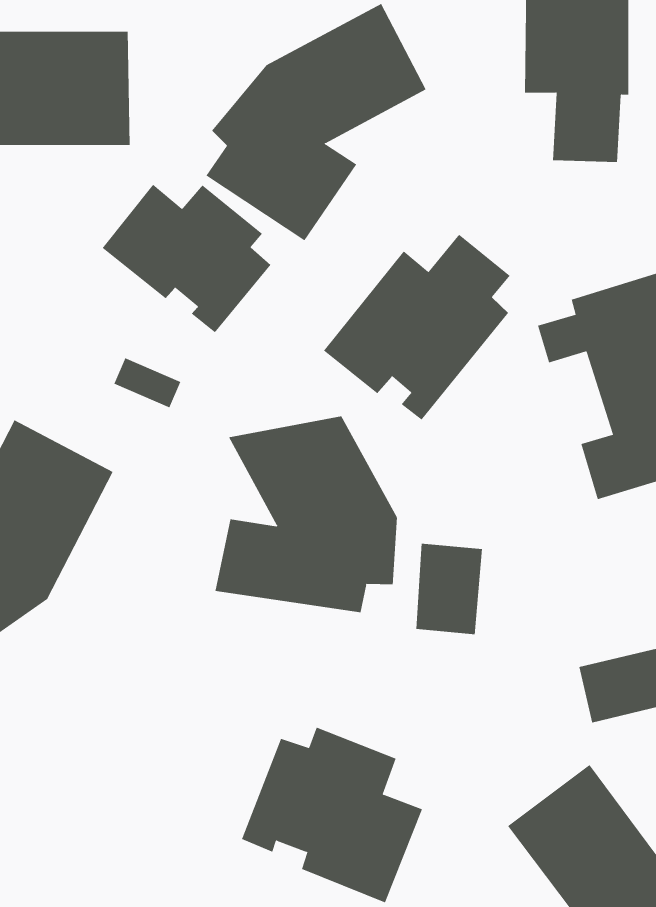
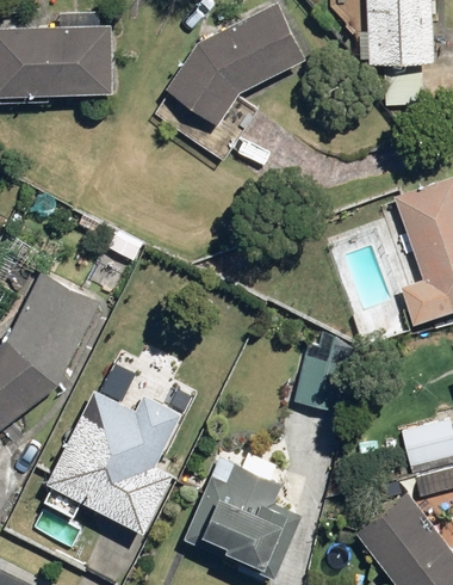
building: [102,184,271,333] -> none
building: [323,234,511,421] -> none
building: [215,415,397,613] -> none
building: none -> [45,390,185,534]

